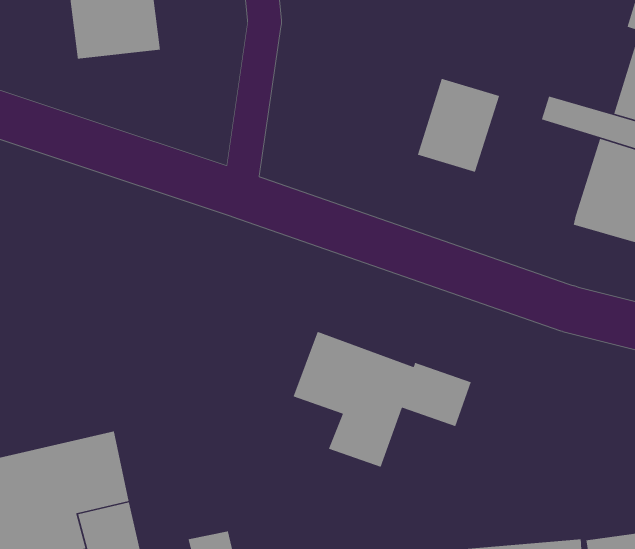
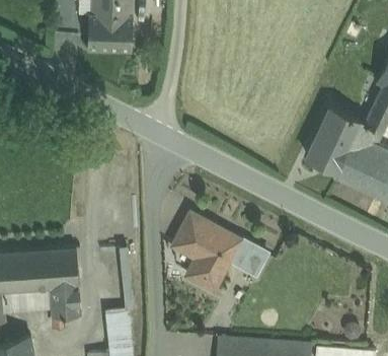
building: [417,78,500,173] -> [306,120,355,172]

